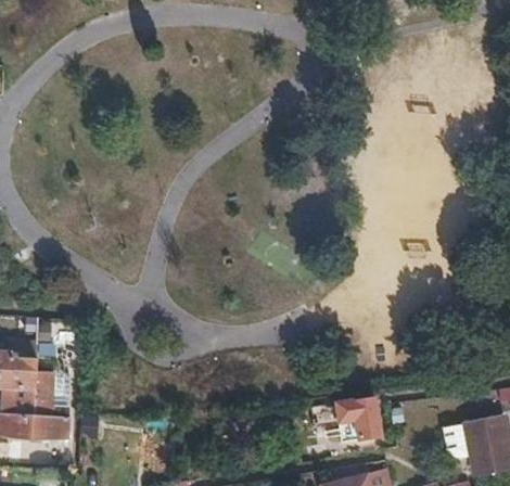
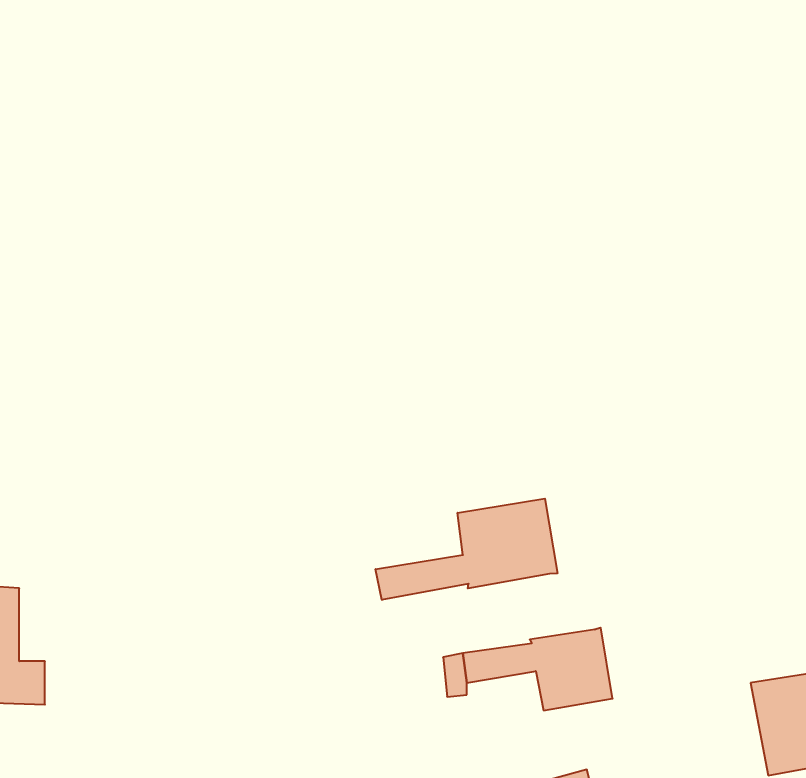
building: none -> [376,499,557,600]

